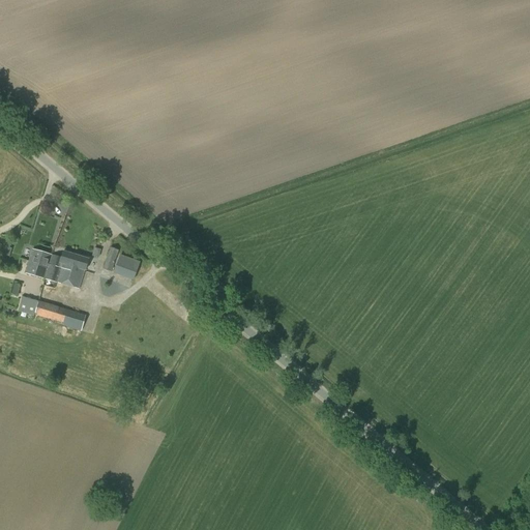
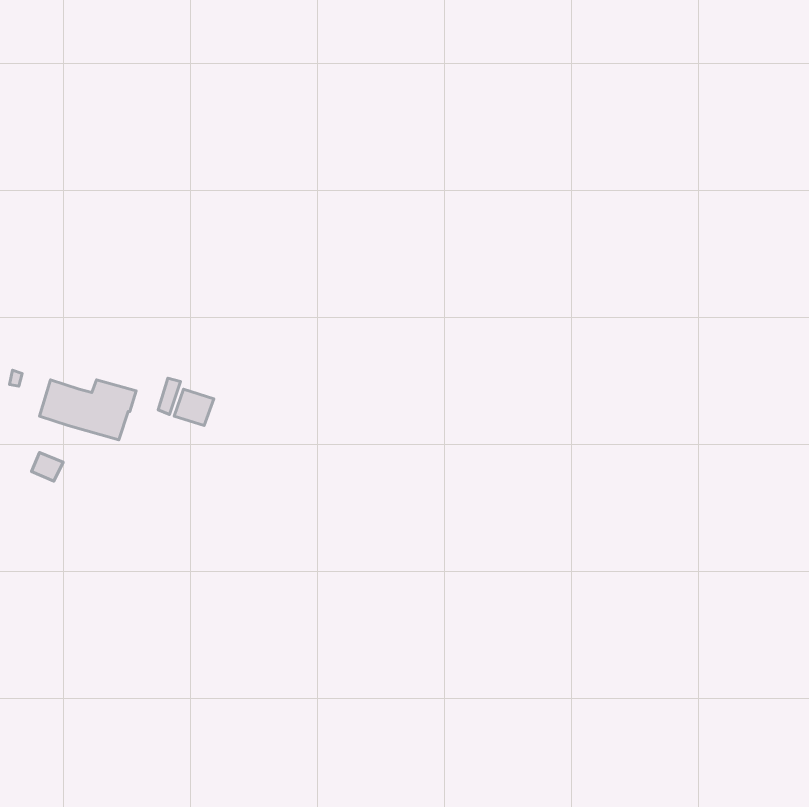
building: [55,306,85,330] -> none

